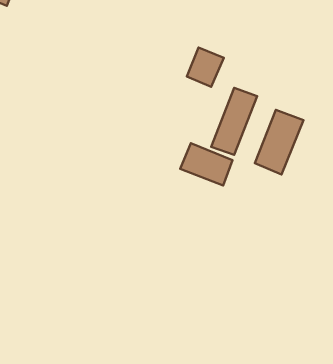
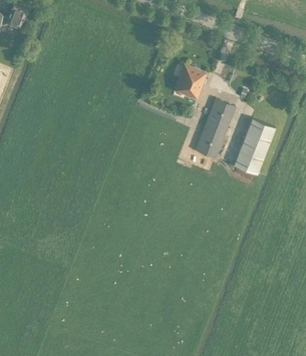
building: [180,143,233,186] -> none

